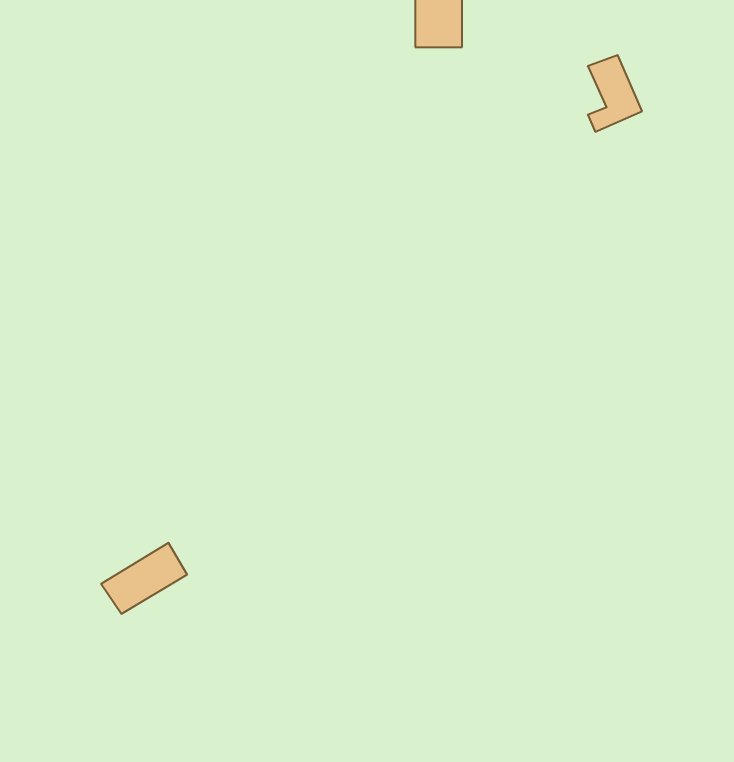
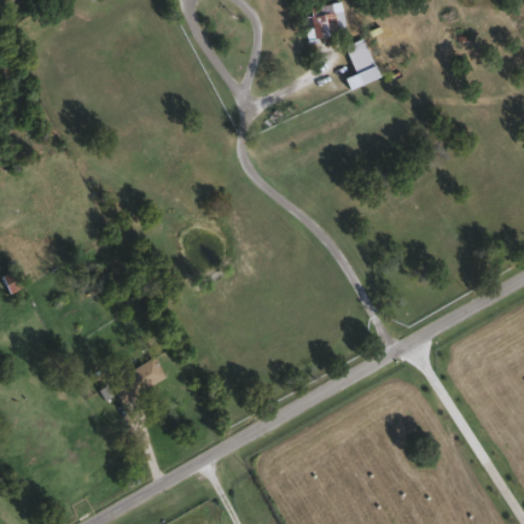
building: [588,55,642,132] -> [345,40,380,89]

